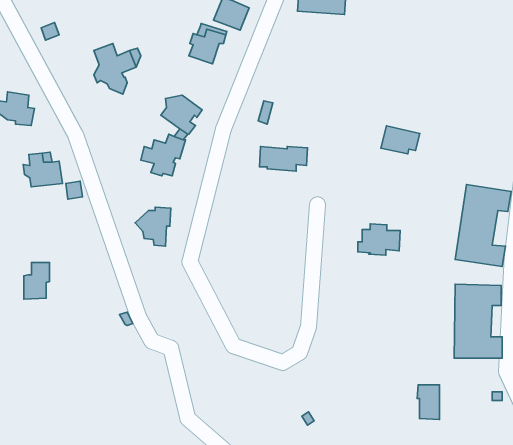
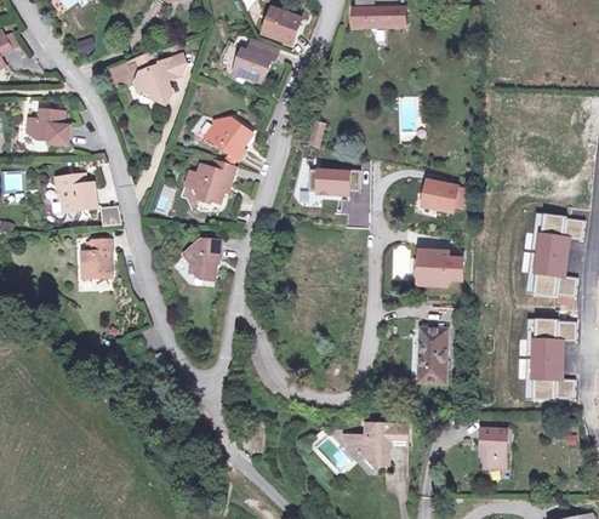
building: [381,126,420,154] -> [426,182,468,212]
building: [24,262,50,299] -> [85,239,113,279]
building: none -> [418,329,446,382]
building: none -> [349,423,409,464]

